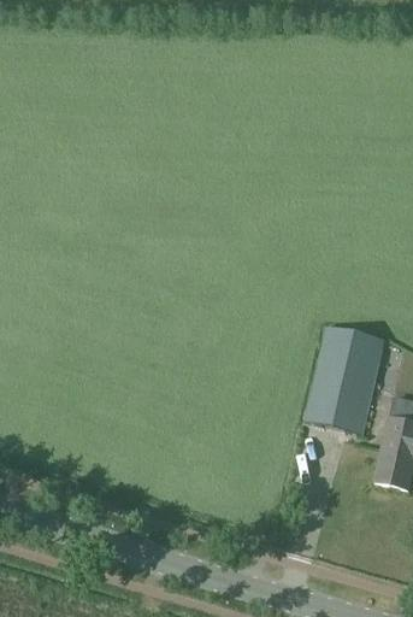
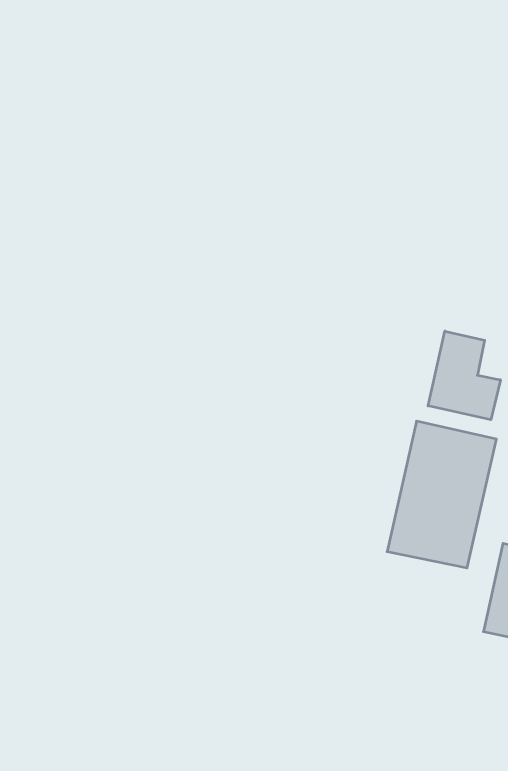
building: none -> [428,331,500,420]

